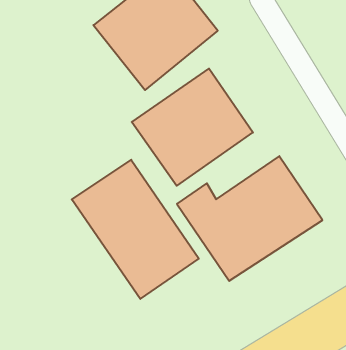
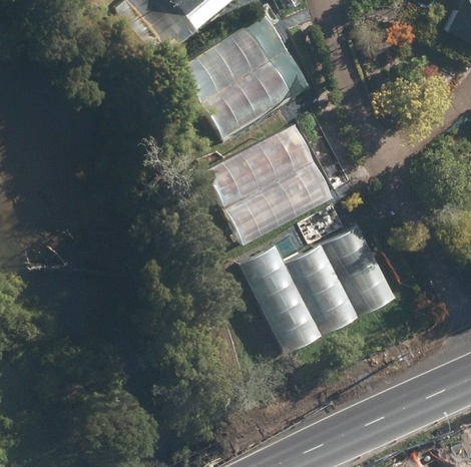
building: [72,160,199,299] -> none

